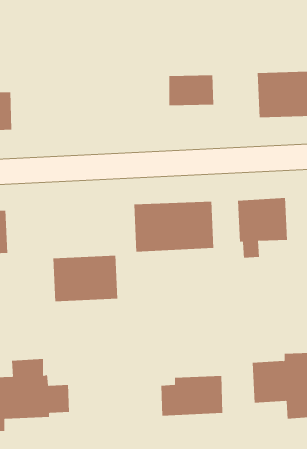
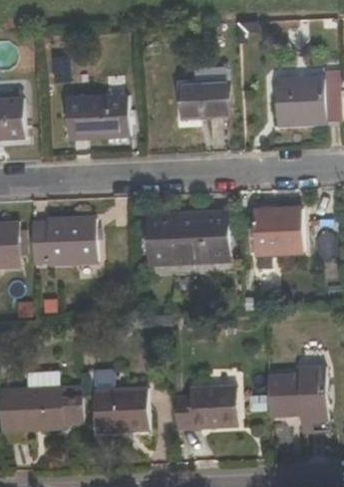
building: none -> [65,95,128,140]
building: [52,255,118,302] -> [29,217,95,264]
building: none -> [93,389,147,432]

